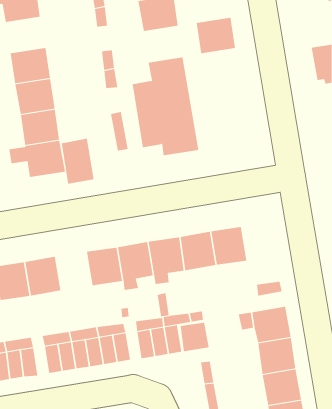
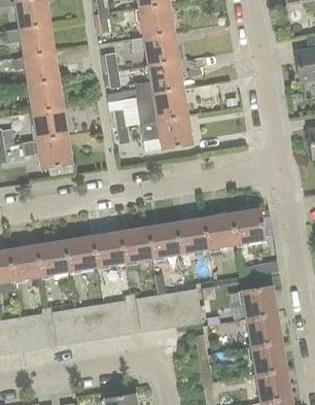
building: none -> [19,24,56,57]
building: [196,17,236,54] -> [143,32,179,65]
building: [61,138,94,185] -> none
building: none -> [232,209,265,244]
building: none -> [64,236,97,271]

